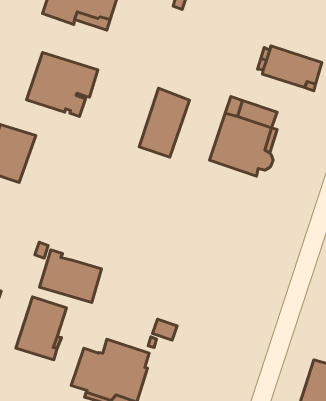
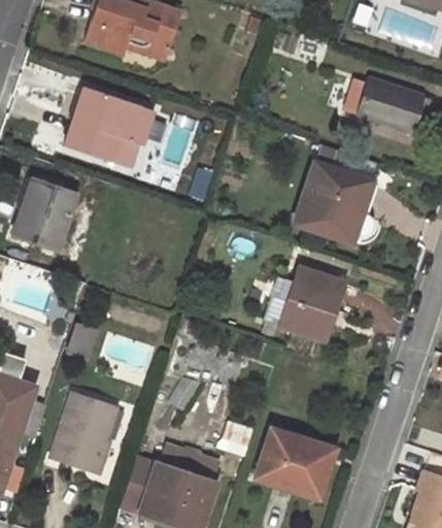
building: [139,88,189,157] -> none
building: none -> [265,267,344,339]
building: [39,250,102,302] -> none
building: none -> [256,429,333,495]

